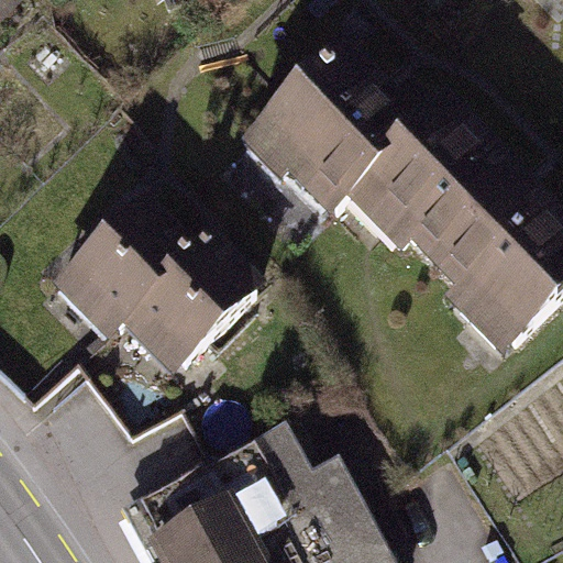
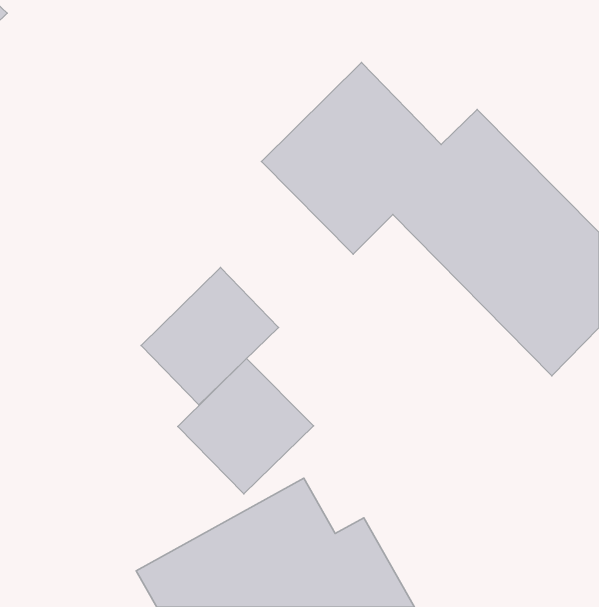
building: [59,206,185,331] -> none
building: none -> [178,358,314,494]

